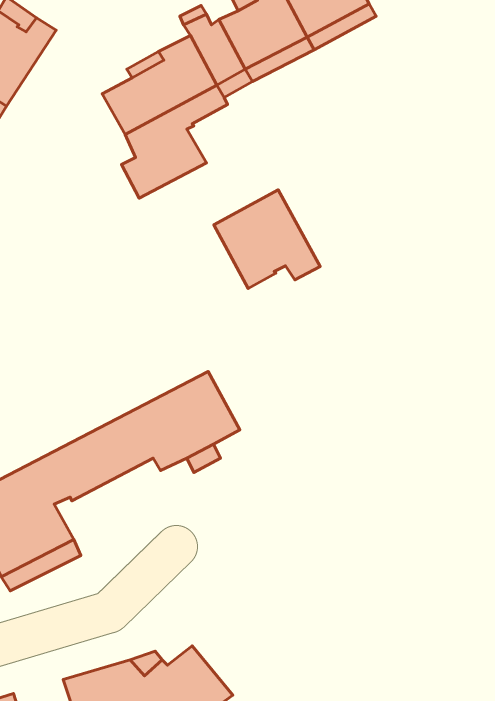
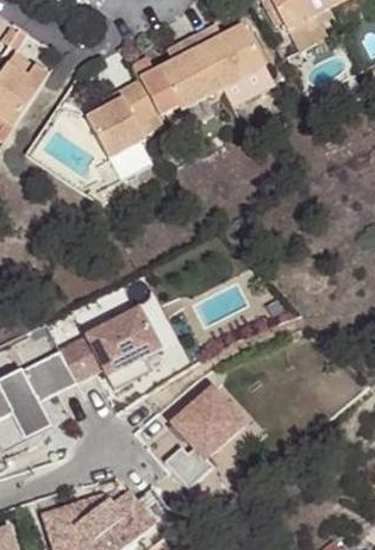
building: none -> [215,67,268,110]
building: [214,190,320,289] -> none
building: none -> [168,388,249,487]

